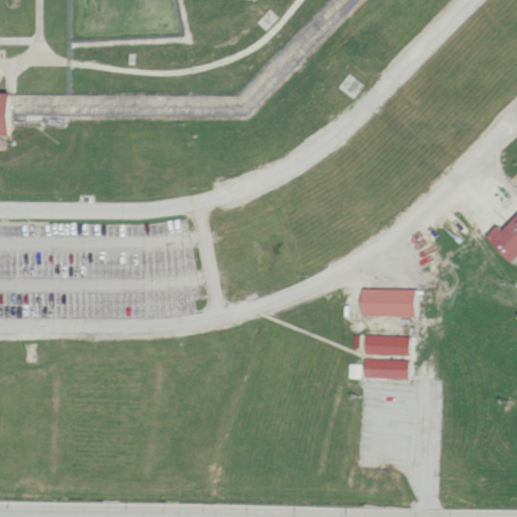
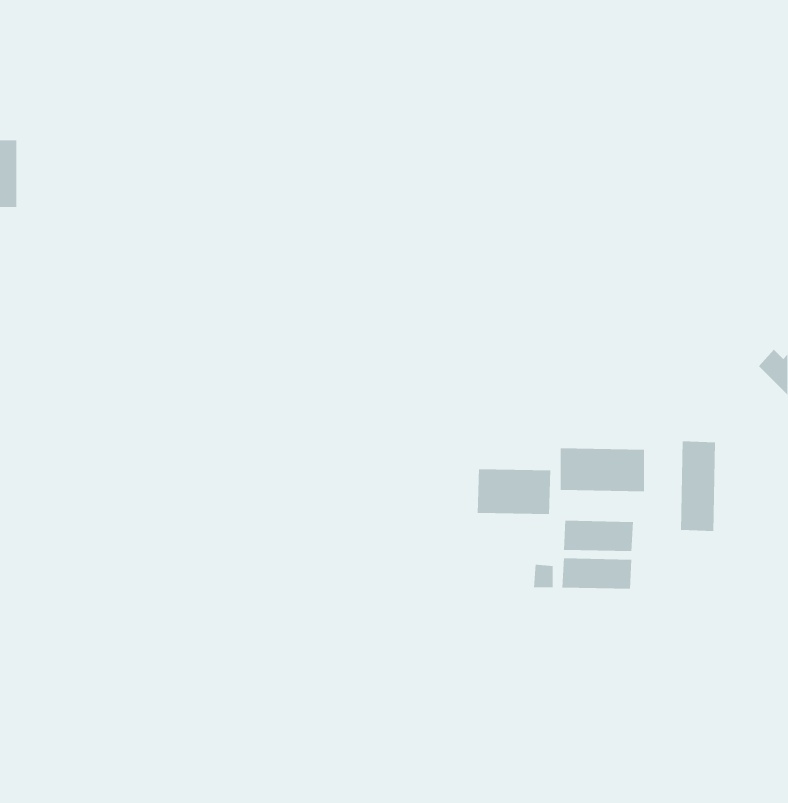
building: none -> [681,440,716,532]
building: none -> [477,469,551,515]

